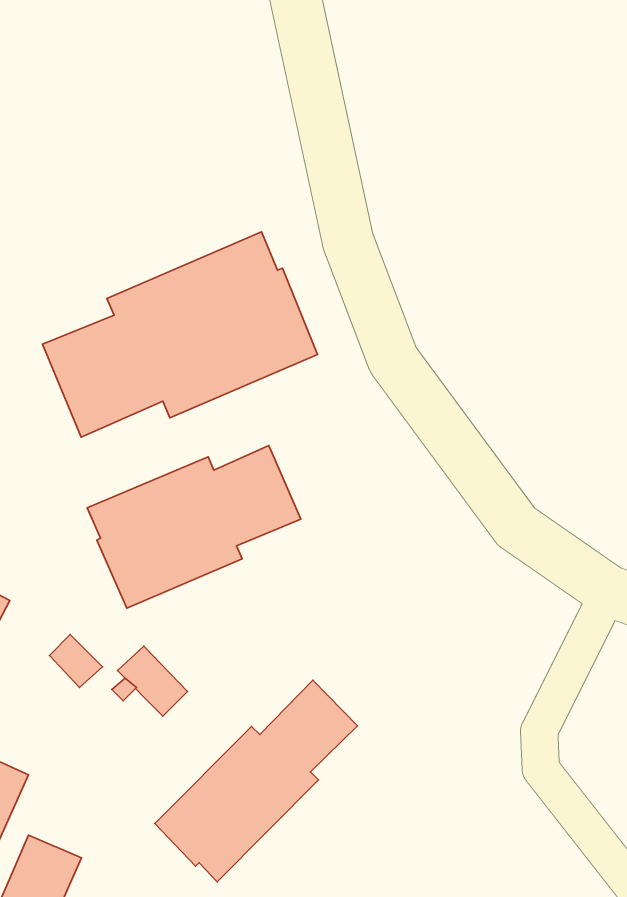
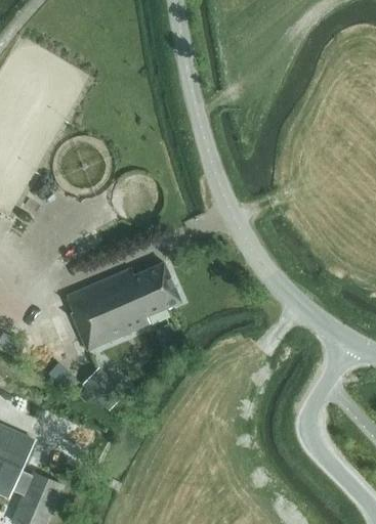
building: [43,232,318,437] -> none
building: [155,680,357,882] -> none

